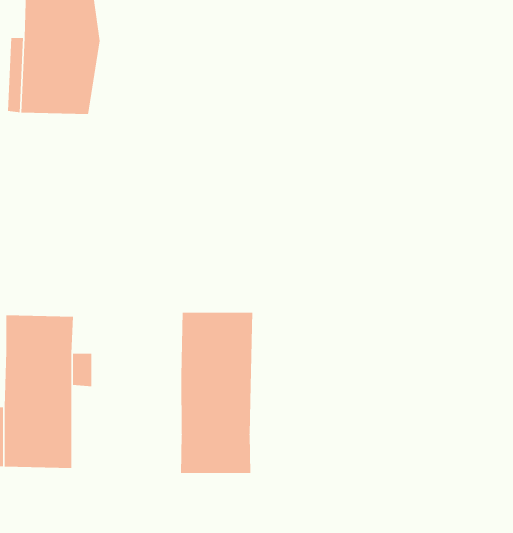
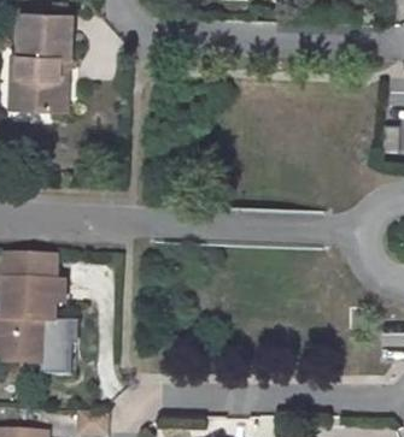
building: [180,312,253,474] -> none

